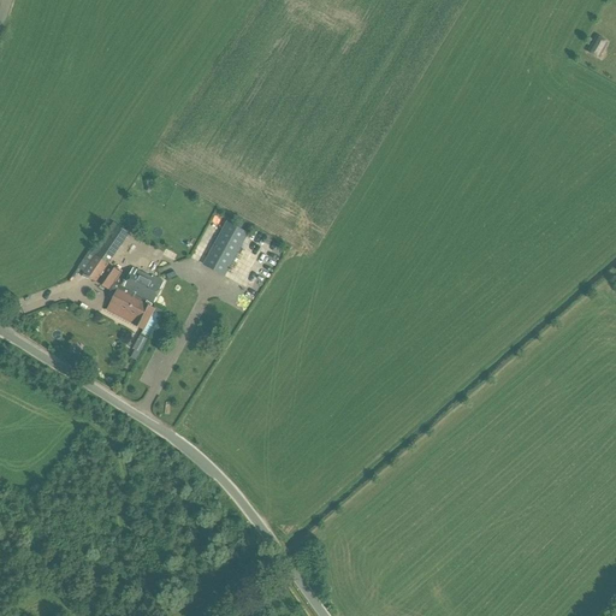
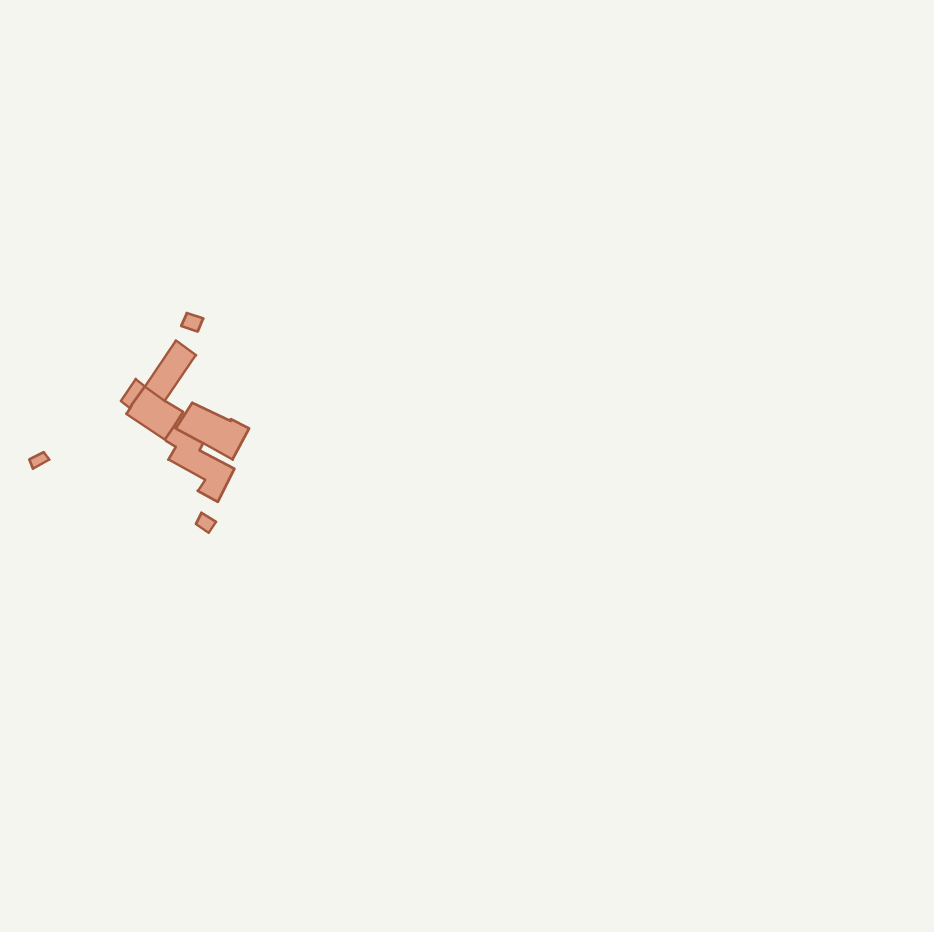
building: [202,220,248,276] -> none

